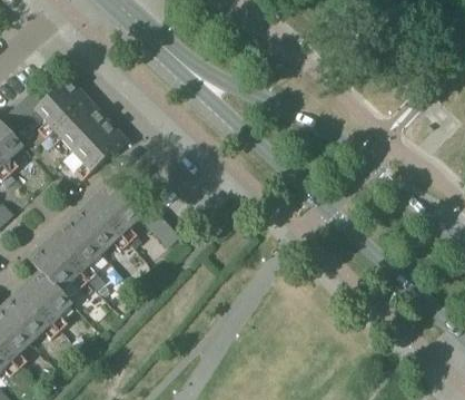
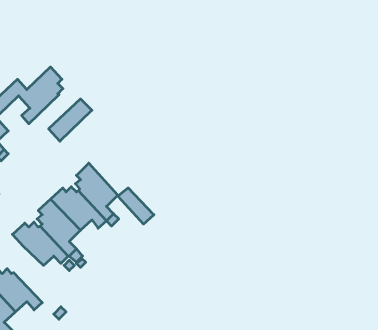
building: [44,103,100,145] -> none
building: [75,123,119,177] -> none
building: [24,269,71,330] -> none

